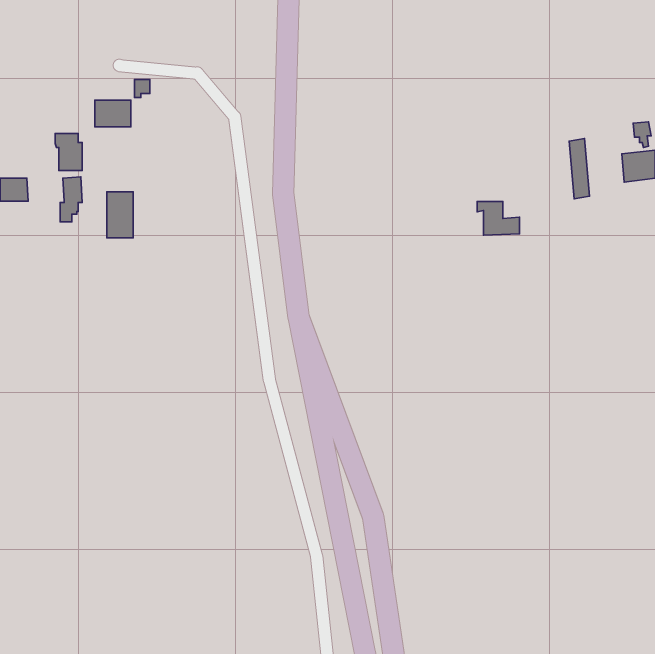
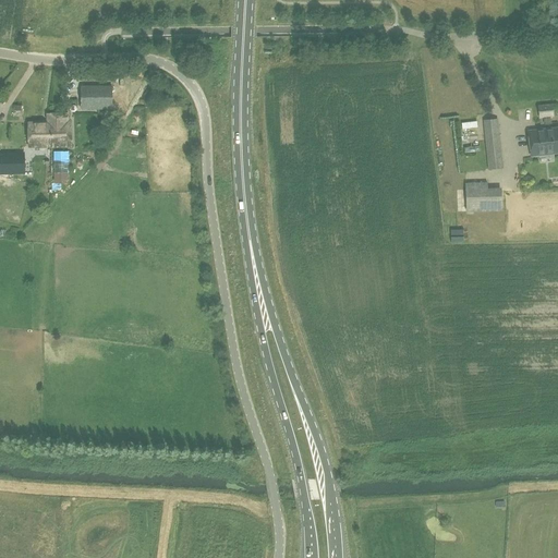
building: none -> [27,122,50,146]
building: [107,192,133,238] -> none
building: [477,202,519,235] -> [465,182,501,210]

